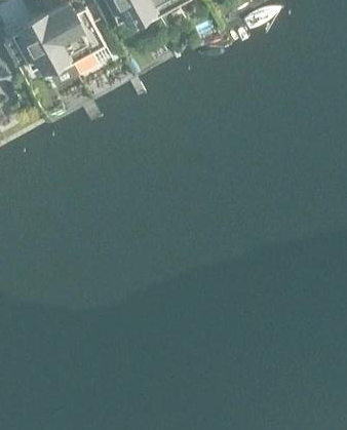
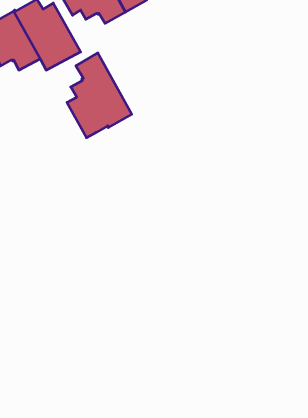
building: none -> [67,53,132,138]

